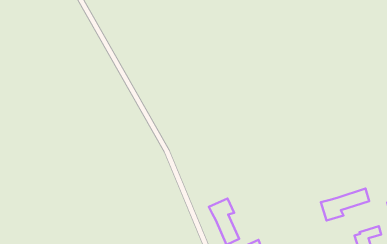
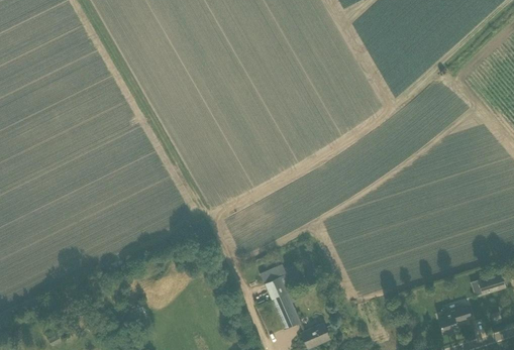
building: [321,189,369,220] -> none

